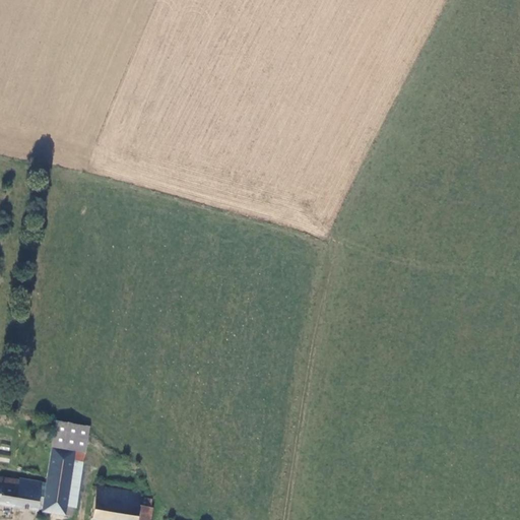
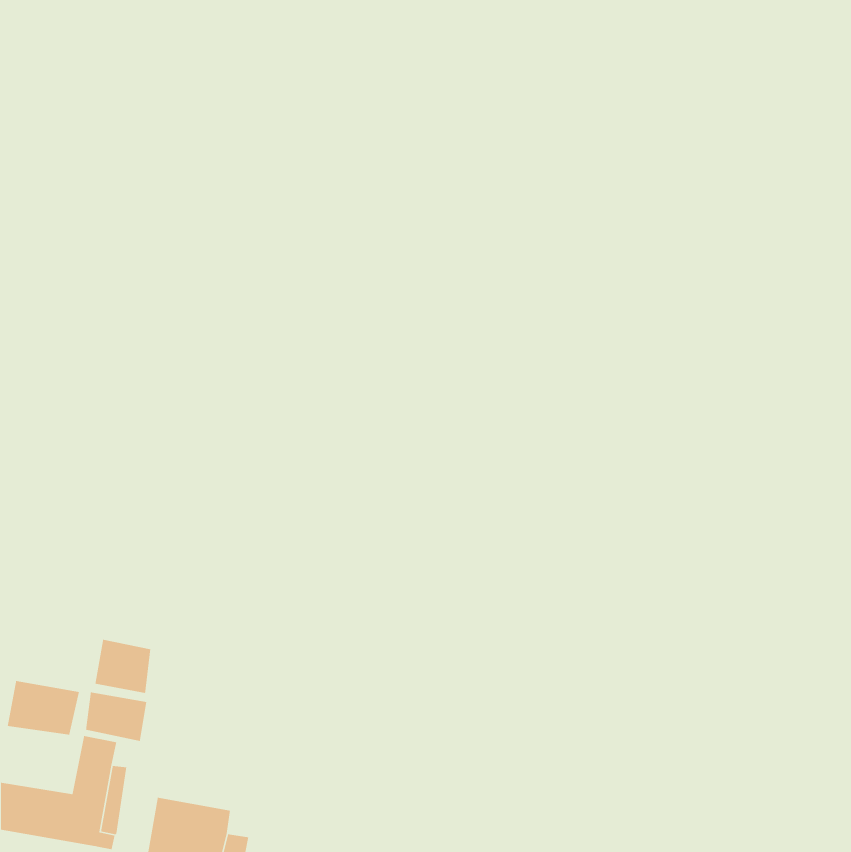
building: none -> [94,639,151,694]
building: none -> [7,680,80,735]

